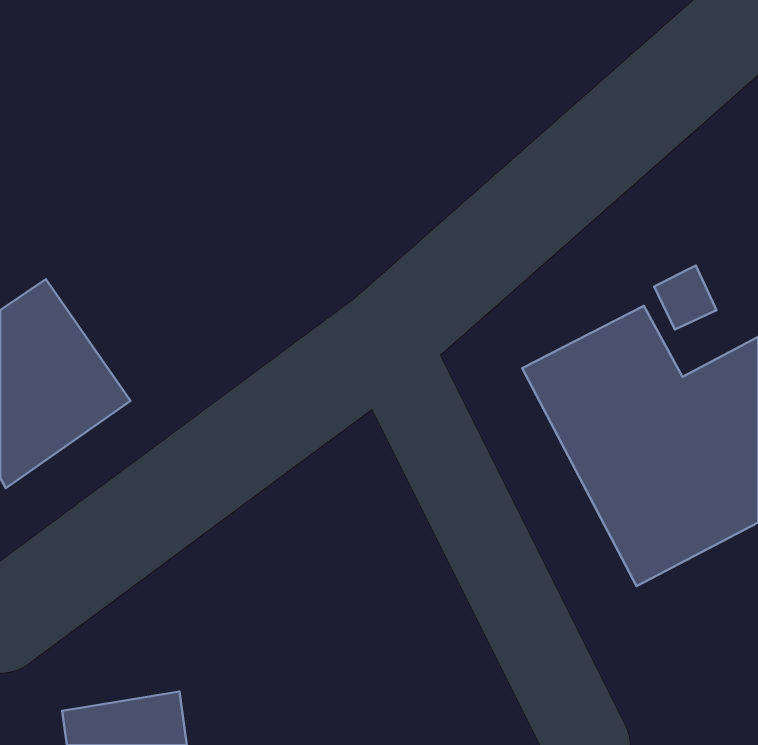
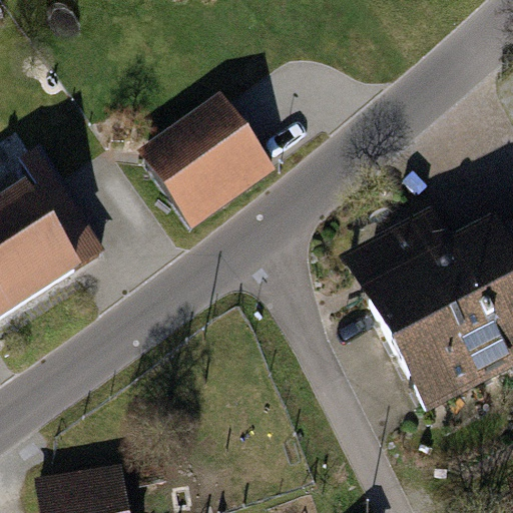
building: none -> [140,94,270,220]

